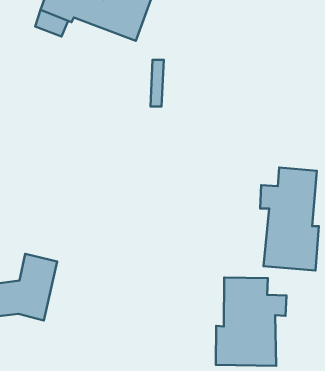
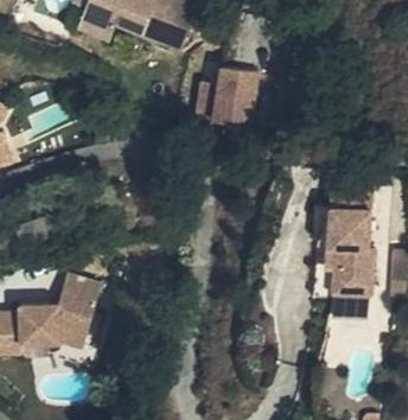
building: none -> [215,66,257,122]
building: [216,277,286,366] -> none

